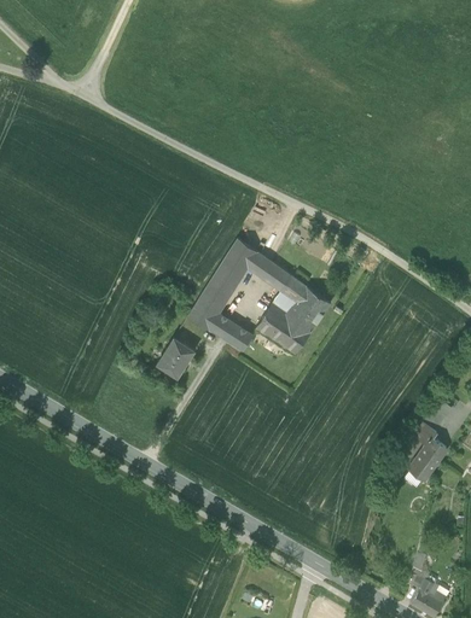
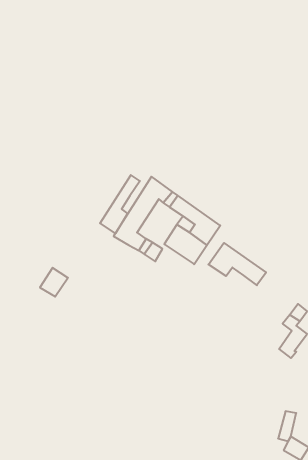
building: none -> [100,175,140,233]
building: none -> [208,243,266,285]
building: [157,338,194,377] -> [40,268,68,297]

